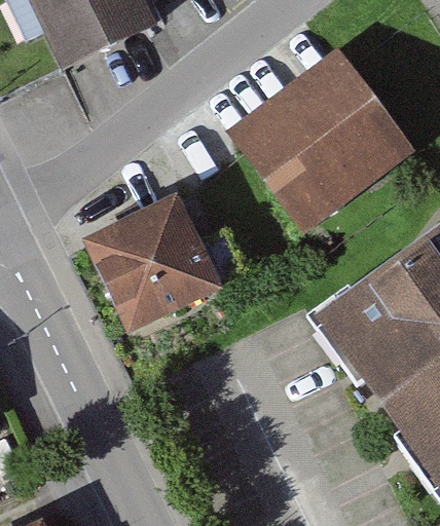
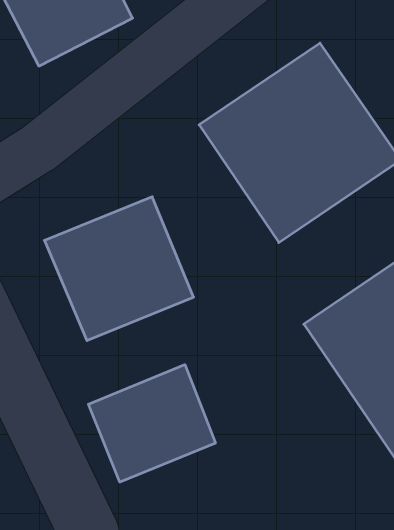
building: none -> [88,365,215,482]

